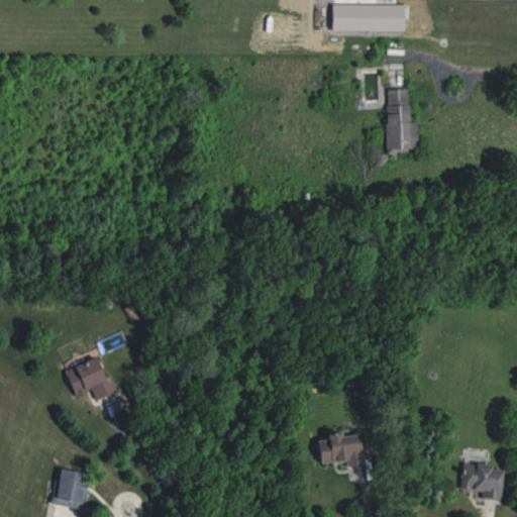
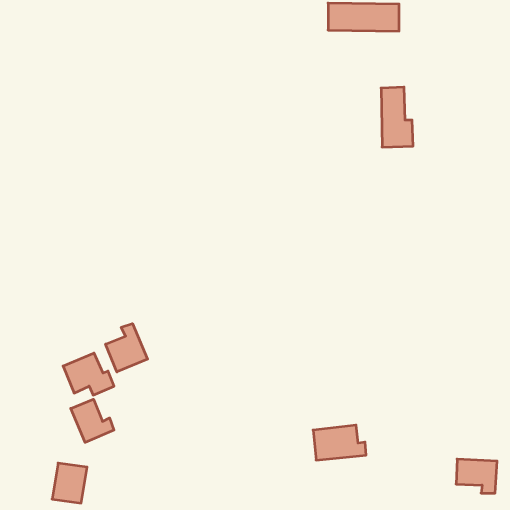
building: none -> [106,324,148,372]
building: none -> [71,399,114,442]

